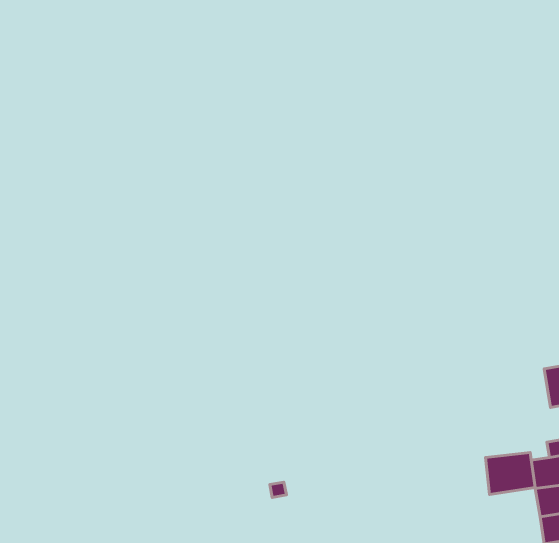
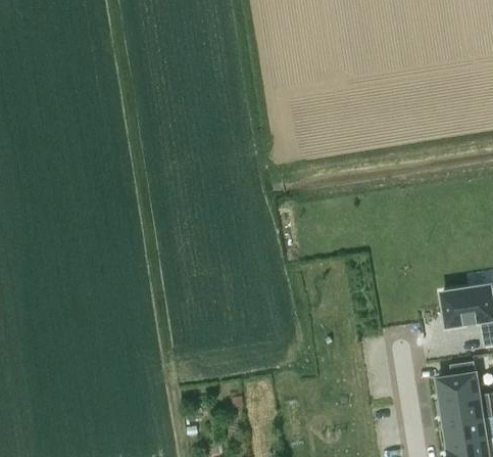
building: [486,452,535,494] -> none

